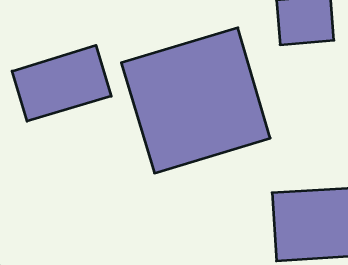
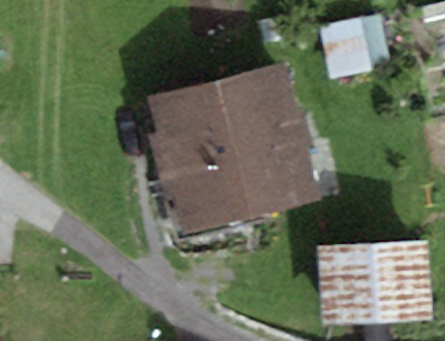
building: [12,45,111,121] -> none

